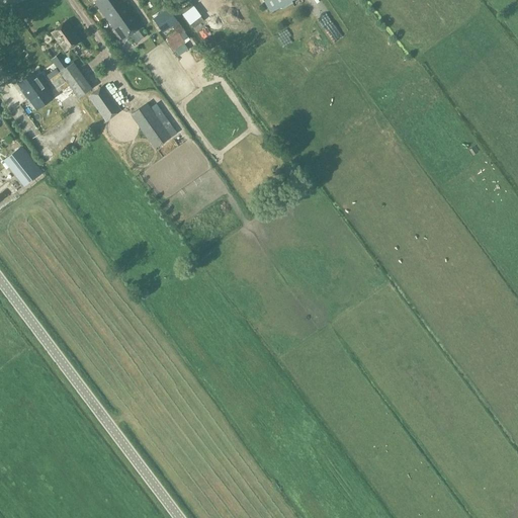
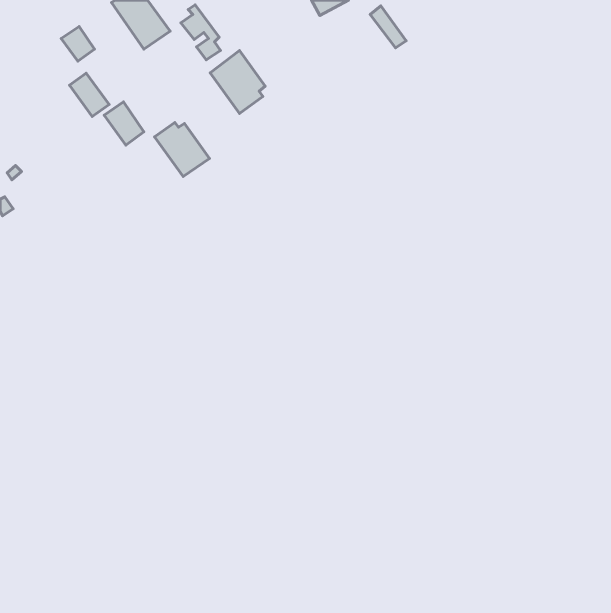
building: none -> [210,50,265,114]
building: [21,75,54,103] -> none
building: [5,147,41,184] -> none

